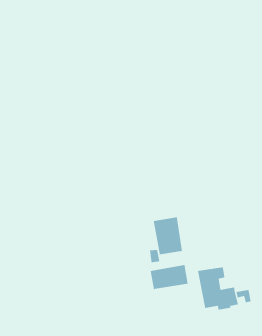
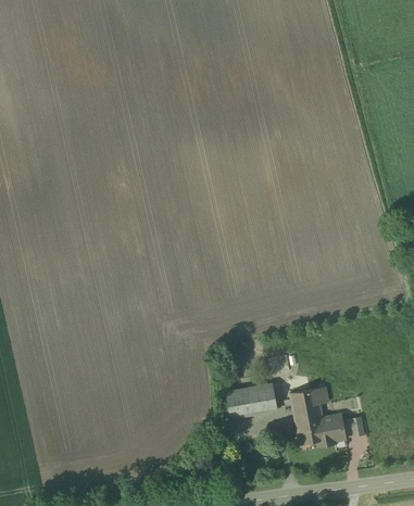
building: [153,217,182,255] -> none

